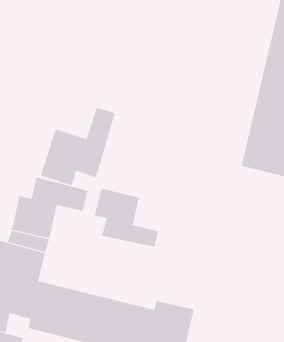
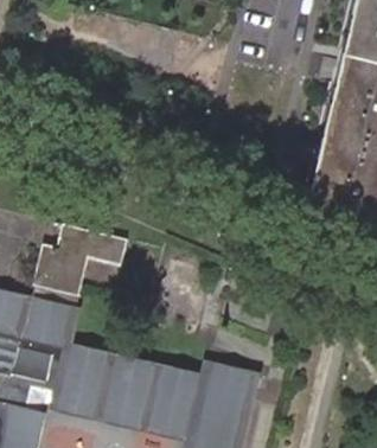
building: [40,107,116,186] -> none
building: [94,188,159,248] -> none

